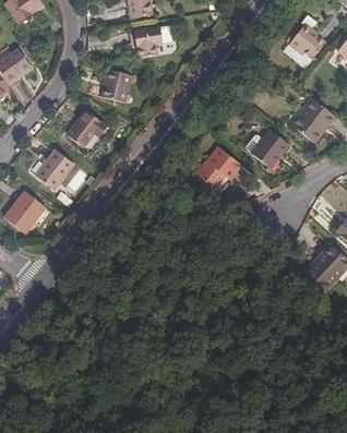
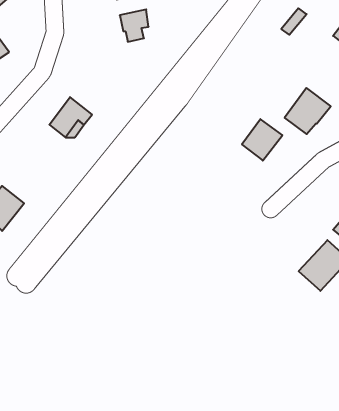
building: [295,29,324,59] -> none
building: [103,68,131,100] -> none
building: [194,146,240,189] -> none
building: [33,148,73,190] -> none

